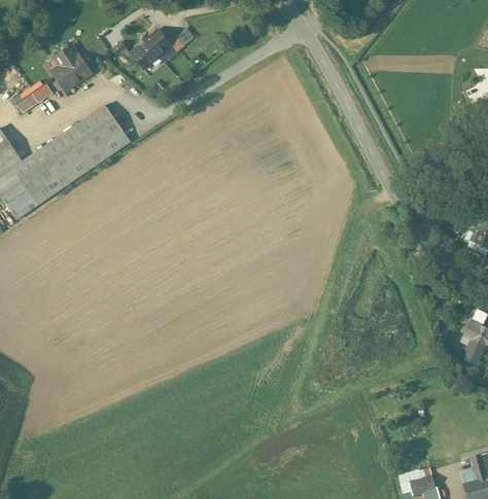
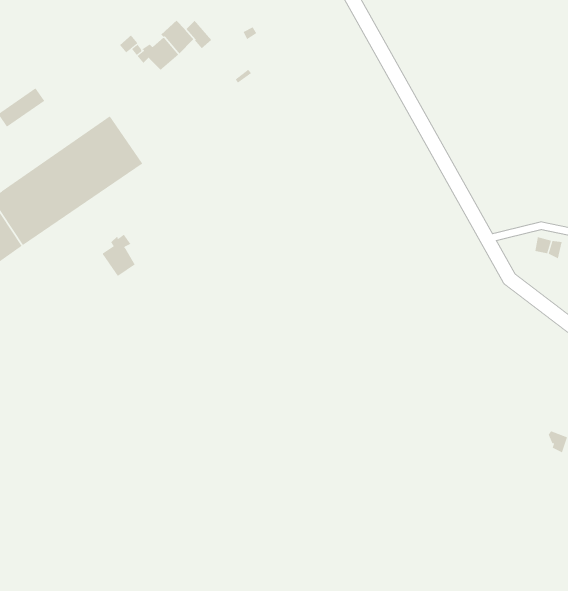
building: [53,45,92,90] -> none
building: none -> [102,234,136,277]

